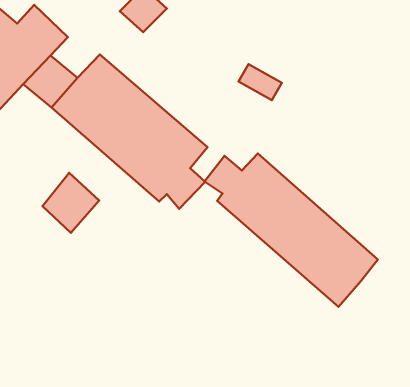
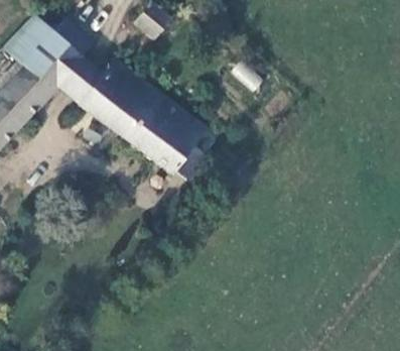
building: [205,154,378,307] -> none
building: [42,173,99,233] -> none

